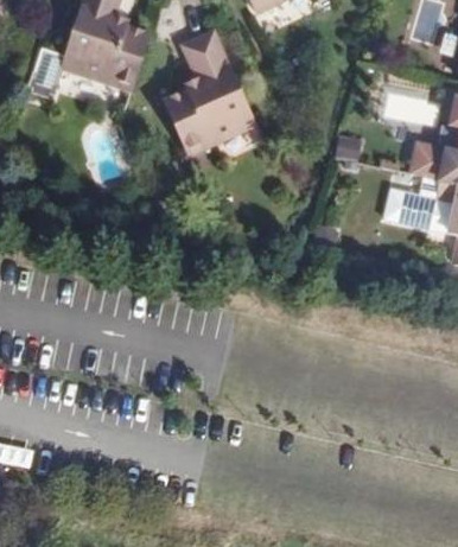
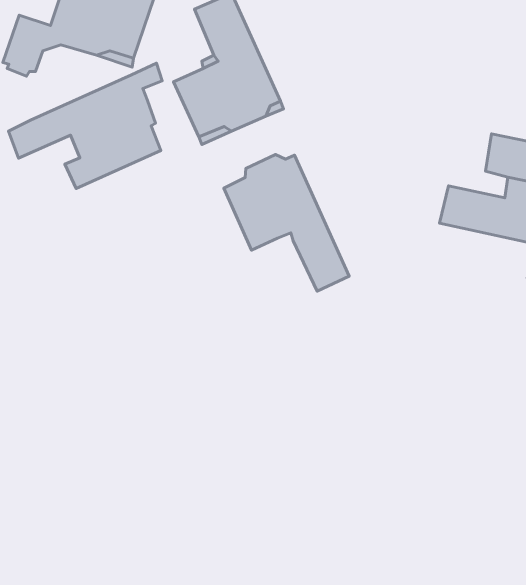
building: none -> [8,63,162,189]
building: none -> [224,155,349,291]

